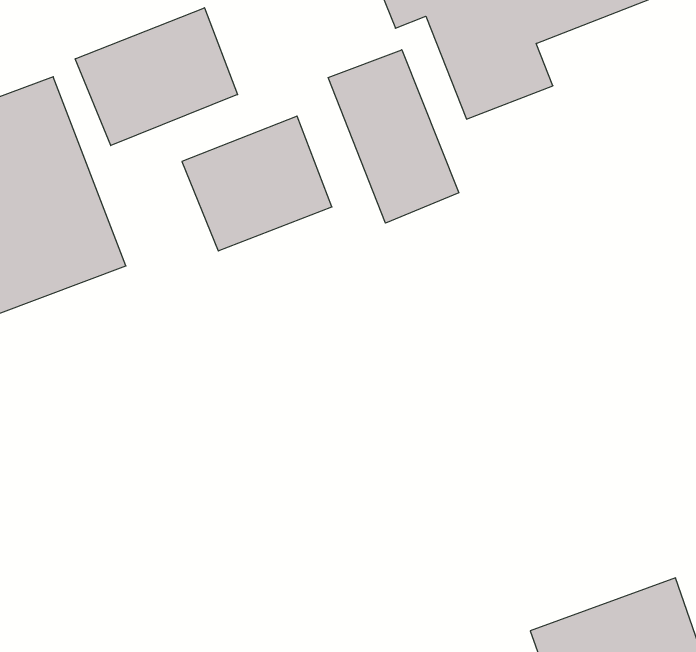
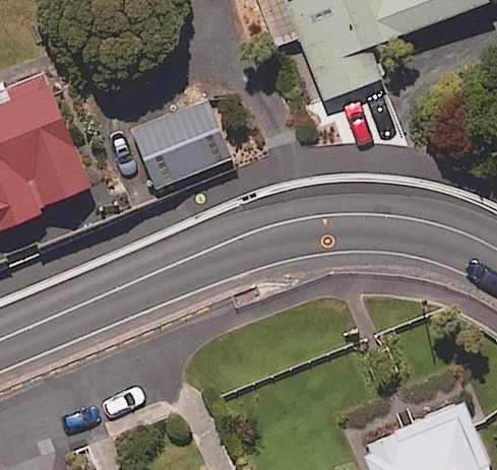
building: [75,8,238,146] -> none
building: [328,50,459,223] -> none

